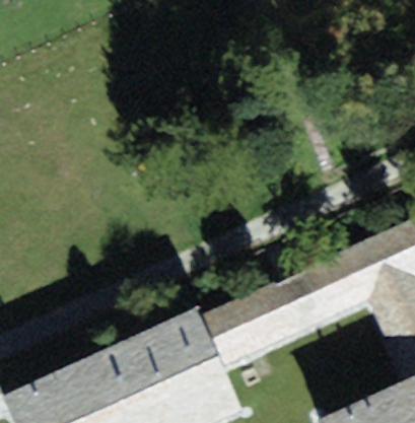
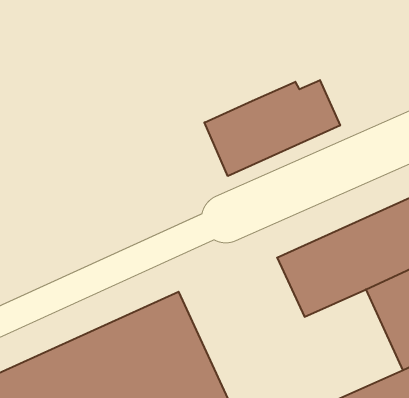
building: none -> [204,80,340,176]
building: [220,277,313,362] -> none

